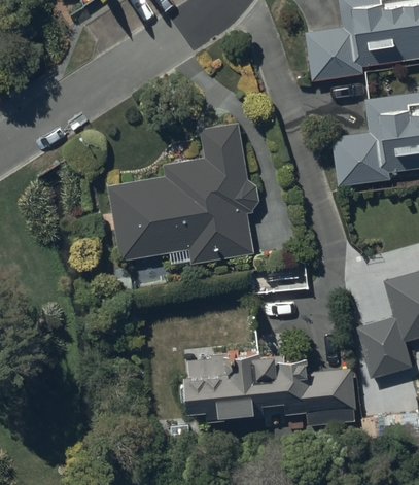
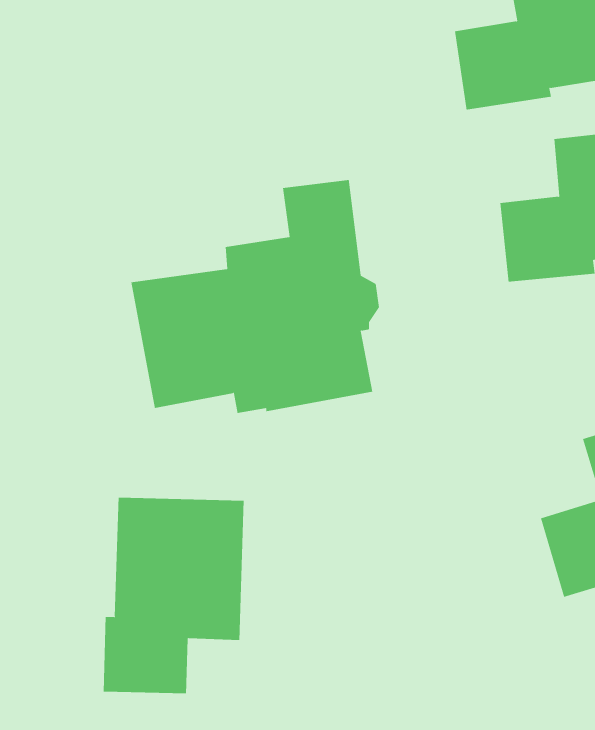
building: none -> [103,497,244,694]
building: [185,350,357,426] -> none

